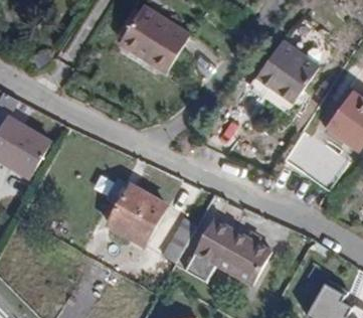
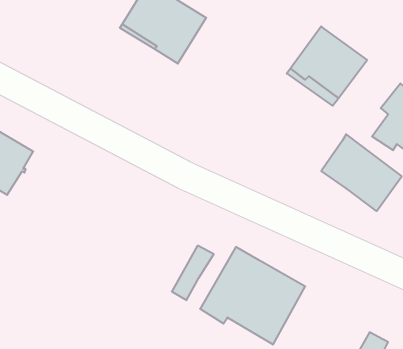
building: [107,178,166,244] -> none

